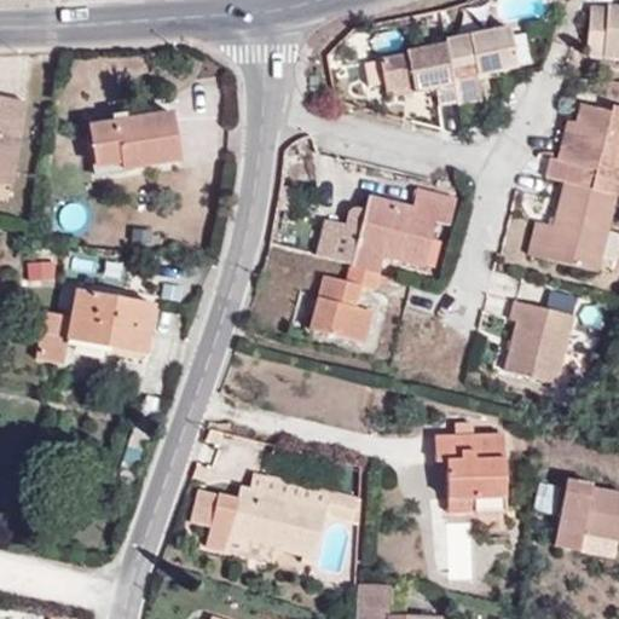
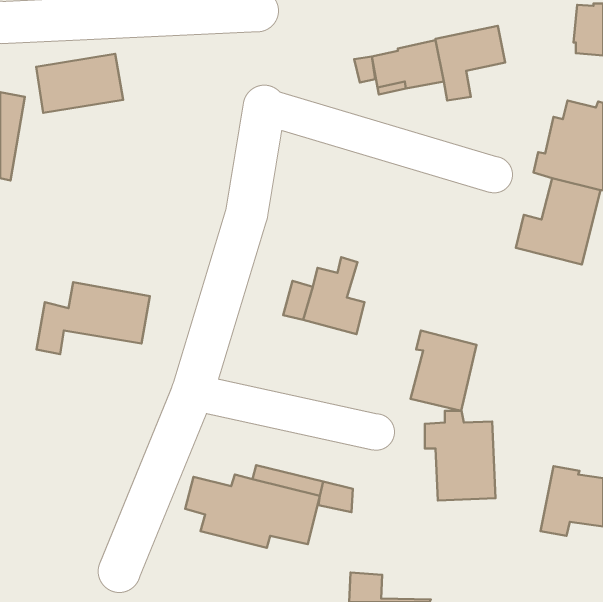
building: [91,111,180,172] -> [36,54,123,113]
building: [336,187,456,272] -> none
building: [504,300,572,382] -> [410,331,476,411]

